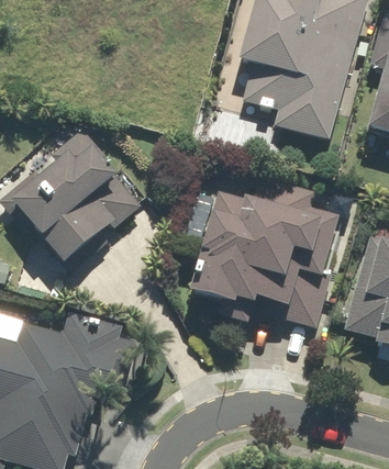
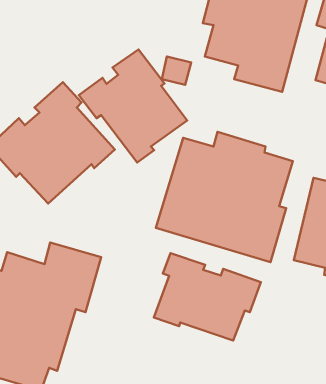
building: none -> [79,50,187,163]
building: none -> [154,253,261,341]

